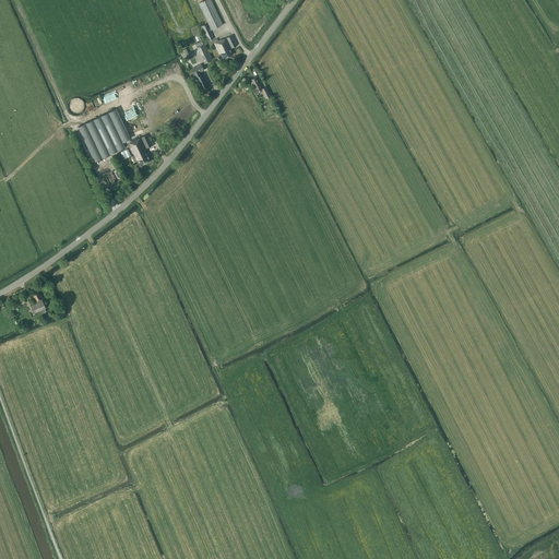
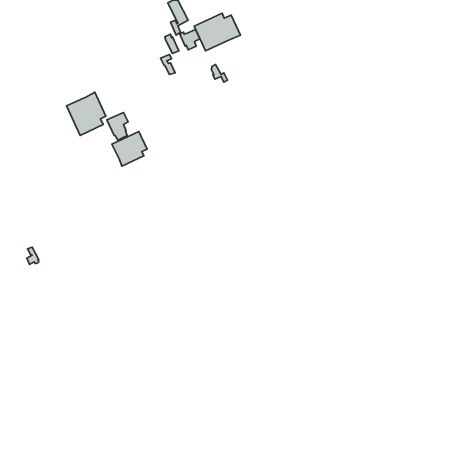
building: none -> [194,13,241,51]
building: none -> [112,131,147,166]

